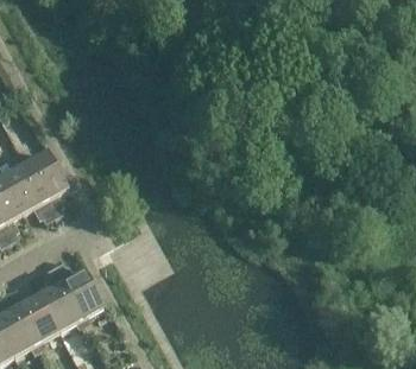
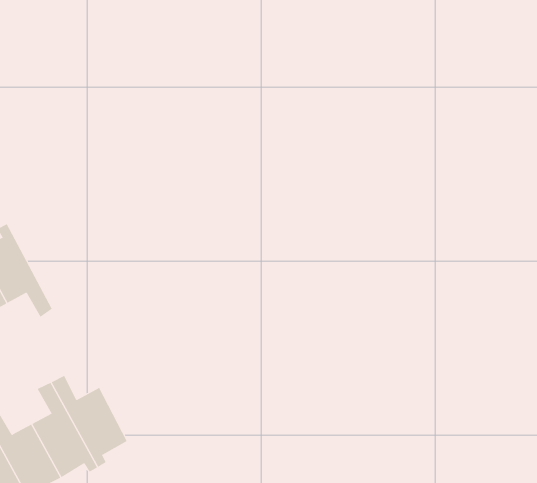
building: [21,151,68,216] -> none

